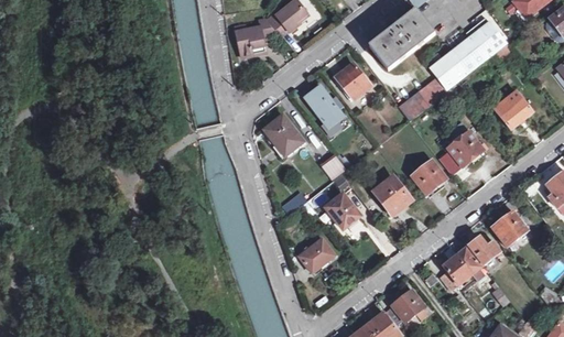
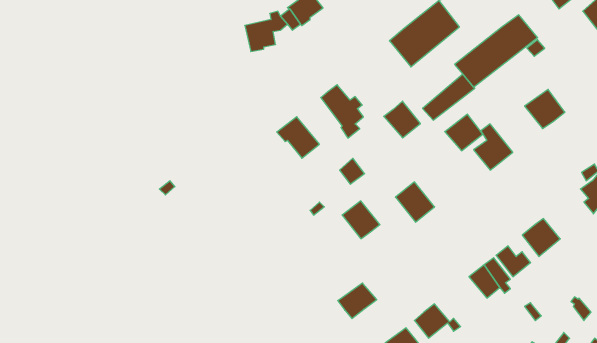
building: [335,64,369,98] -> [384,101,420,138]
building: [411,160,446,194] -> [445,114,483,151]
building: [299,239,335,272] -> [338,283,377,319]

